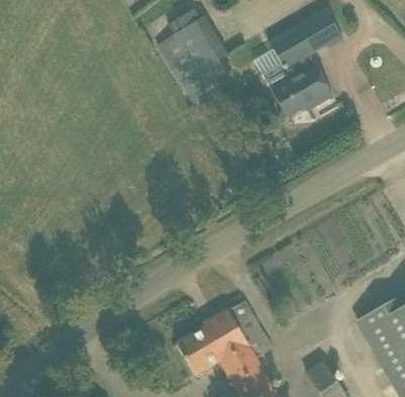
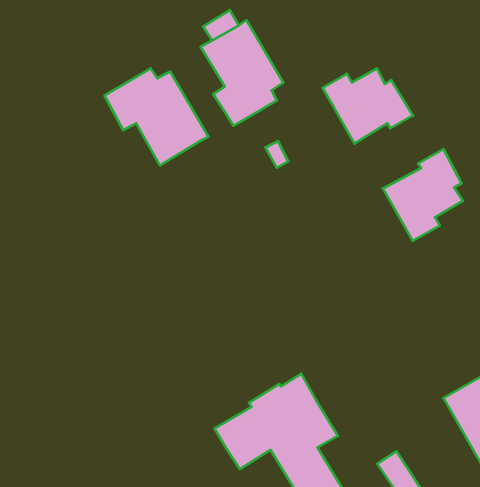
building: [270,11,342,69] -> none
building: none -> [105,68,208,165]
building: none -> [383,149,463,241]

